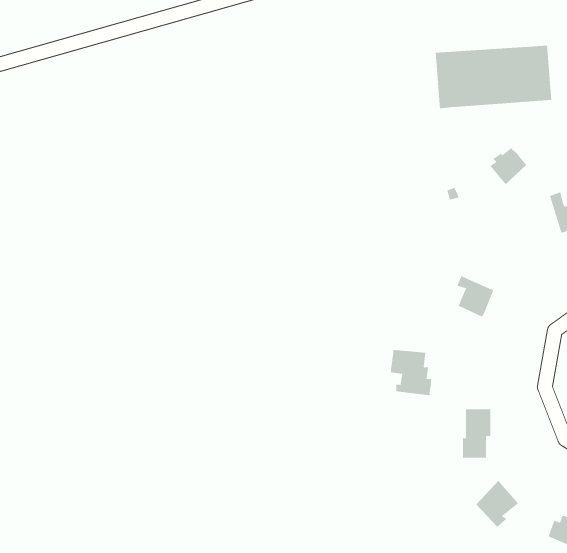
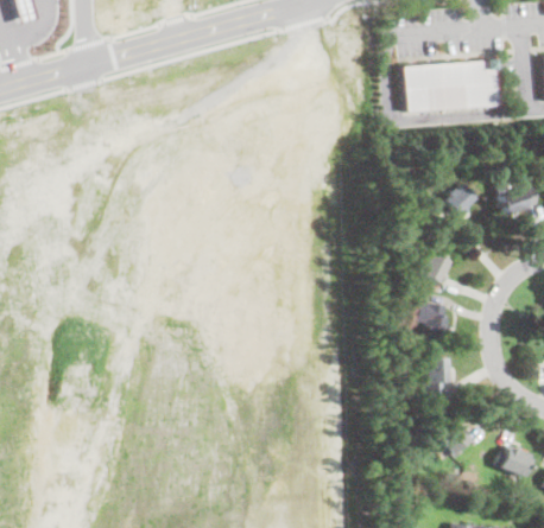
building: [490,147,527,185] -> [447,184,477,215]
building: [390,349,432,396] -> [418,303,453,341]

